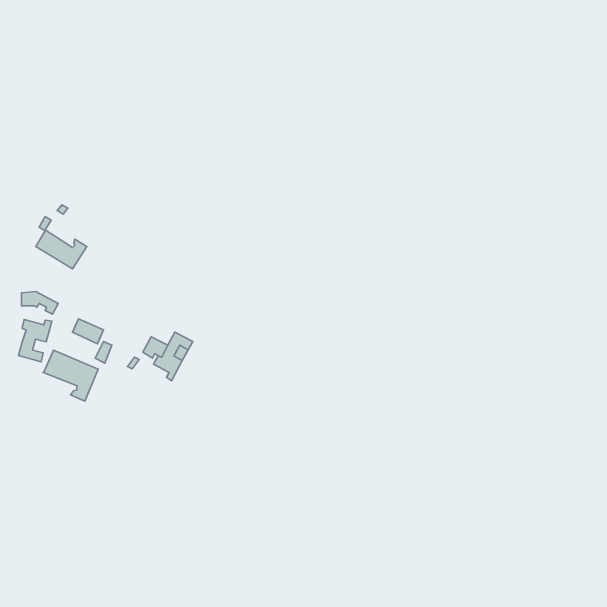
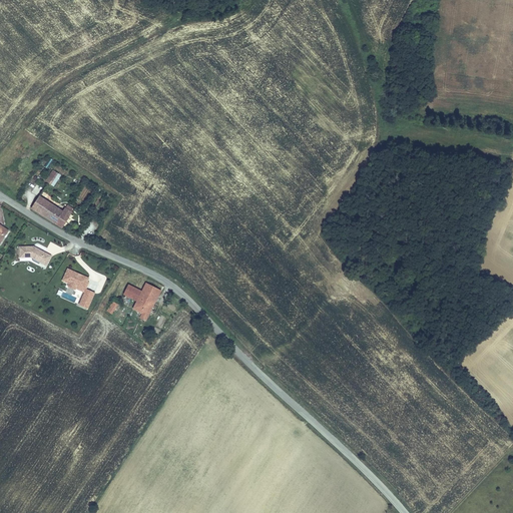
building: [19,320,52,362] -> none
building: [43,350,98,401] -> none

